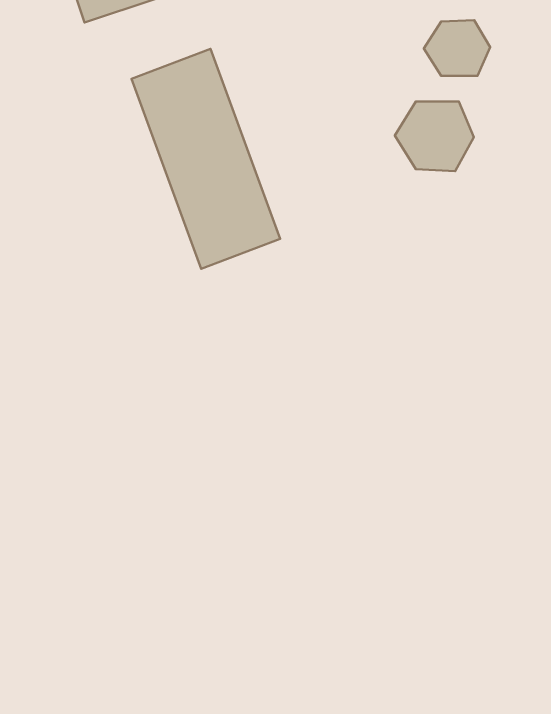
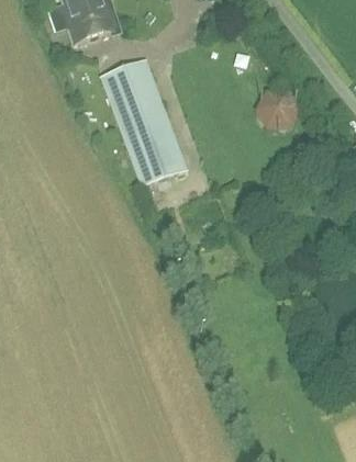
building: [424,20,490,76] -> none

